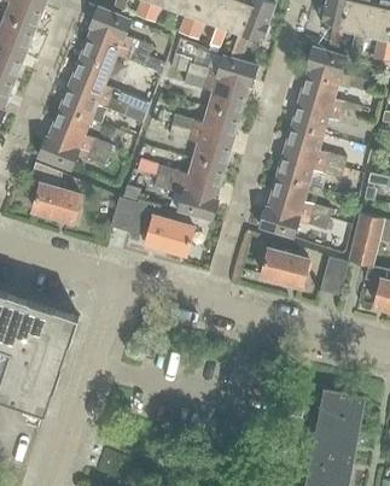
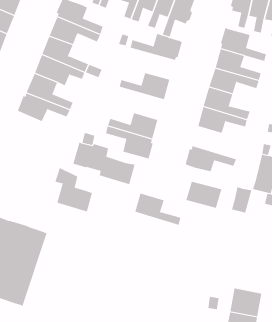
building: [182,74,246,116] -> none
building: [168,125,232,169] -> none
building: [29,163,80,222] -> [55,167,93,212]
building: [268,177,330,221] -> [134,193,181,226]

